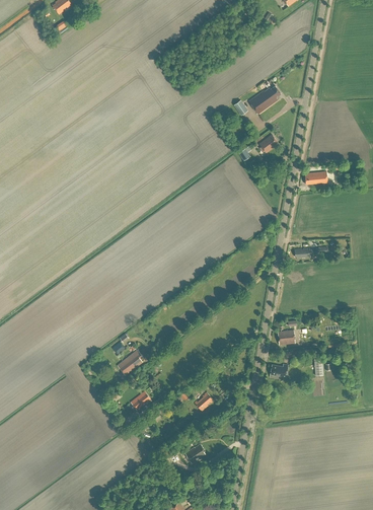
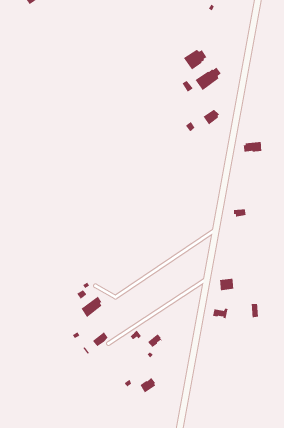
building: none -> [183,49,207,70]

